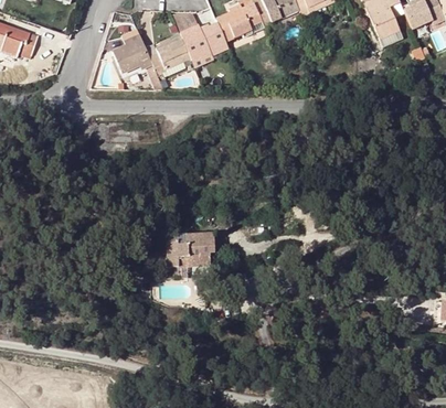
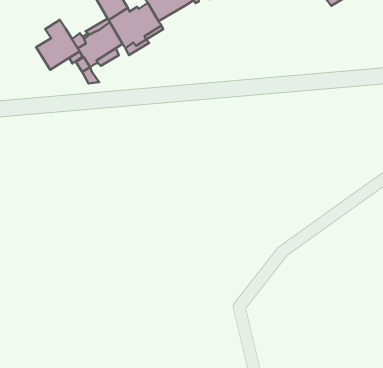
building: [166,234,214,265] -> none

